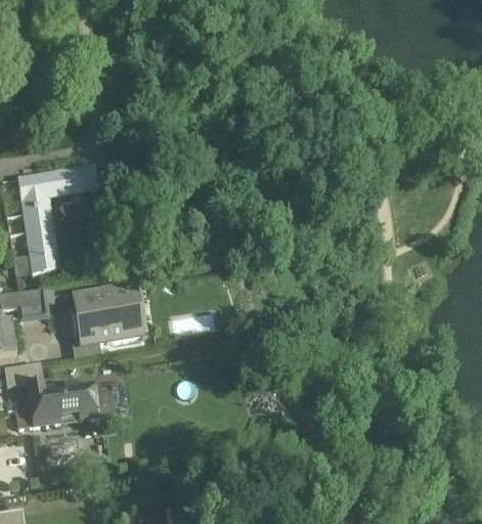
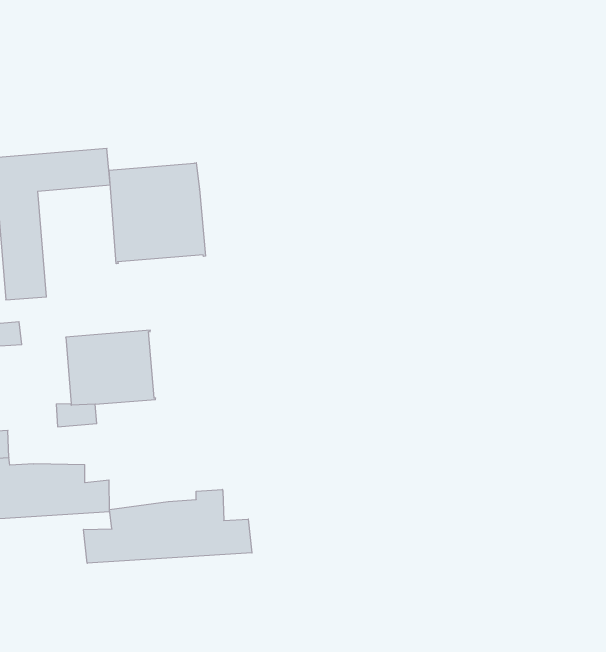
building: none -> [109,163,205,264]
building: none -> [84,489,252,563]

